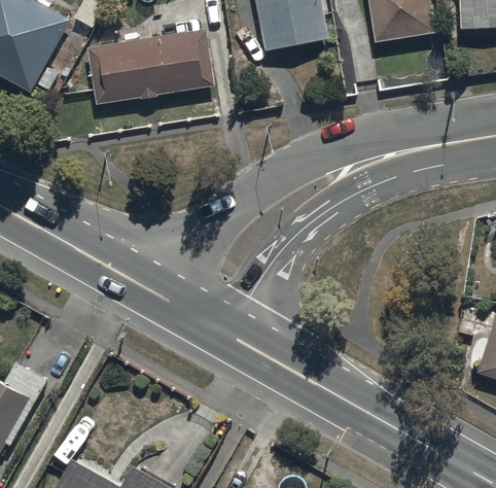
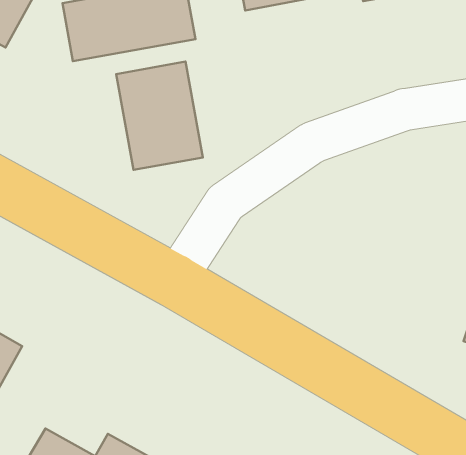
building: none -> [116,62,203,170]

